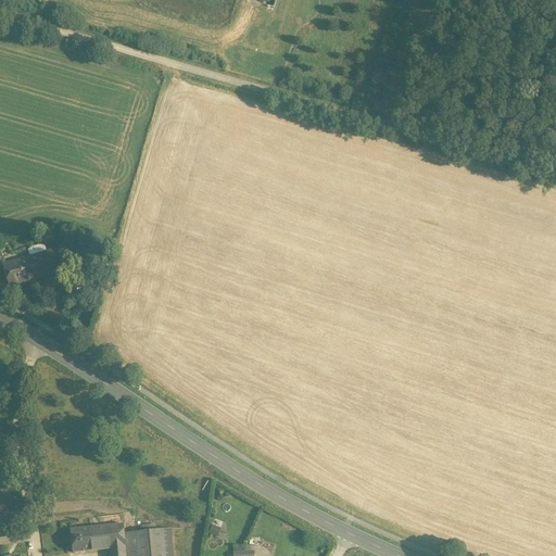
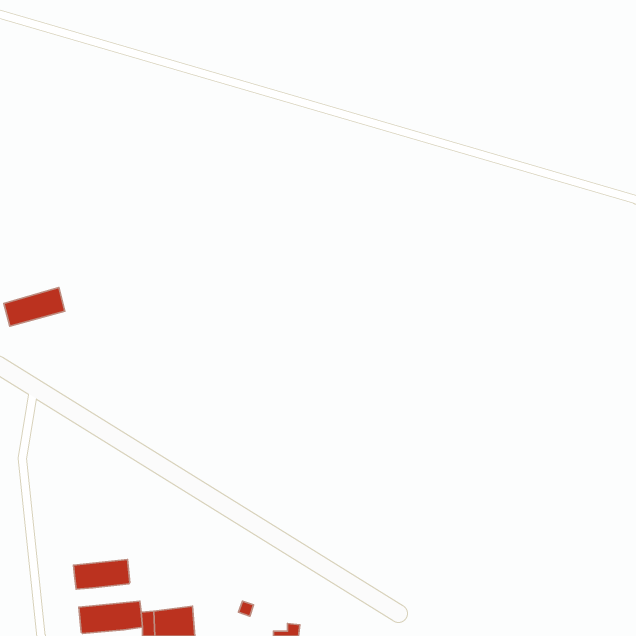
building: none -> [73,560,130,589]

